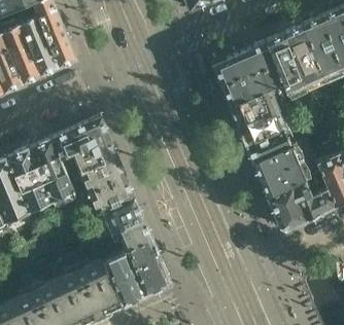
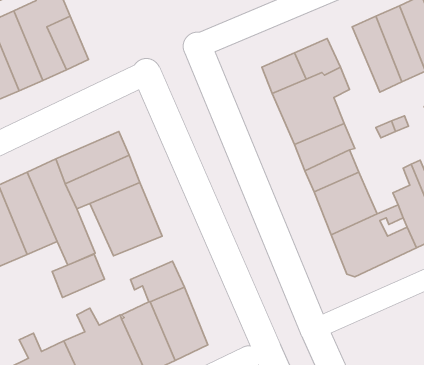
building: [264,35,305,95] -> none
building: [101,200,142,233] -> [52,254,105,298]

